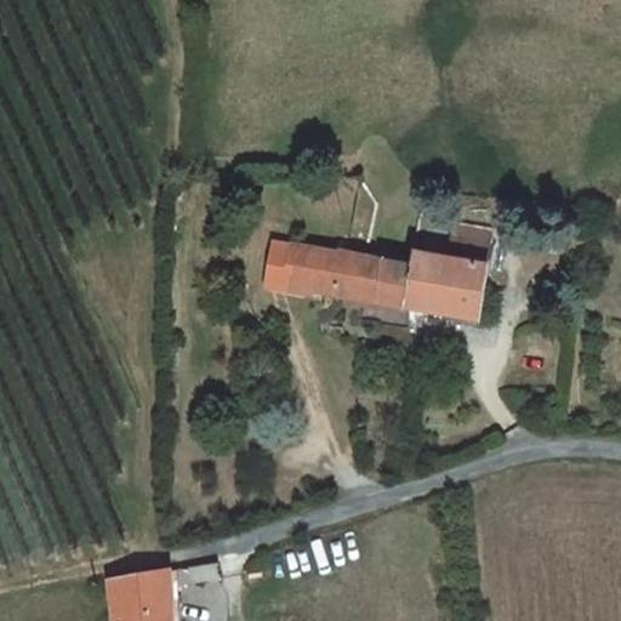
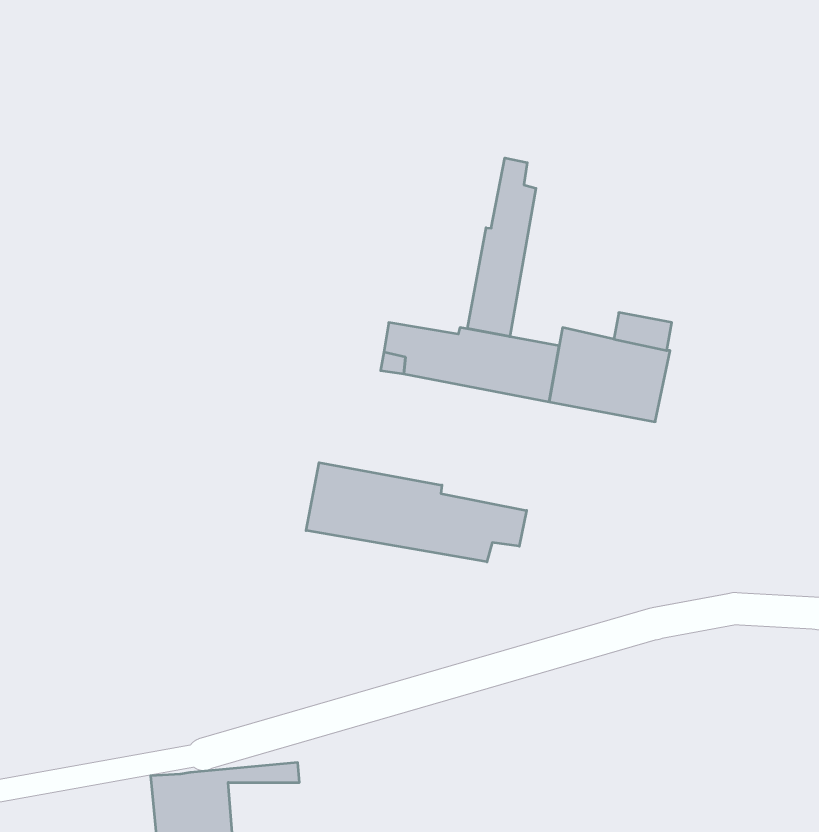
building: none -> [468,158,536,337]
building: none -> [306,463,527,562]

